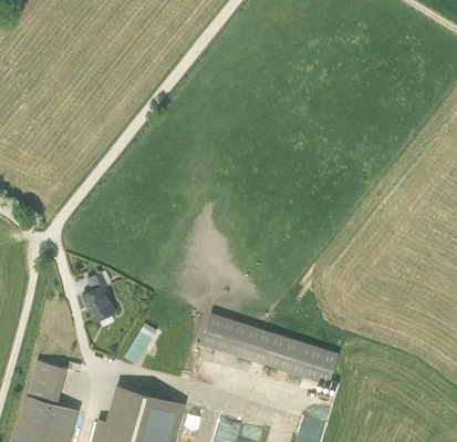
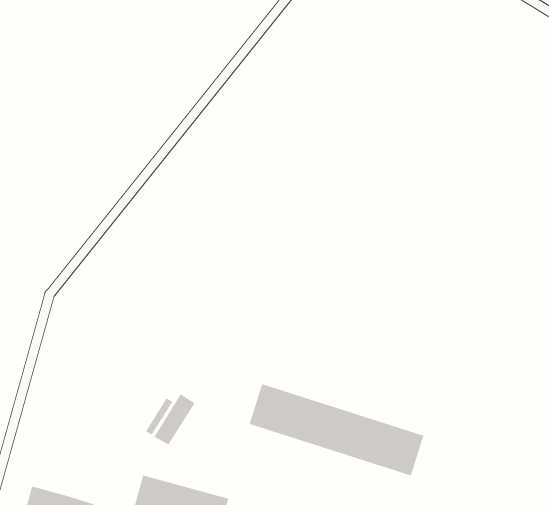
building: [77,270,113,323] -> none
building: [29,359,67,402] -> none

